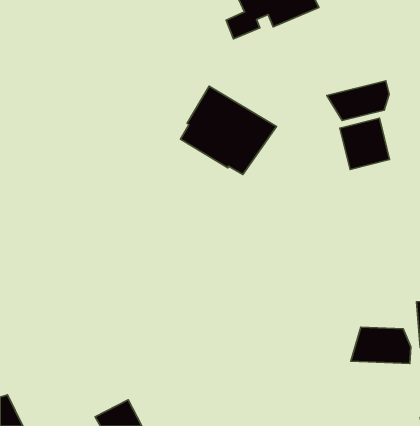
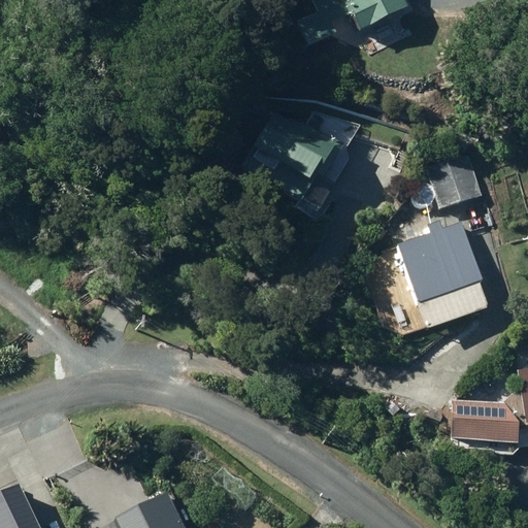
building: [327,81,389,120] -> none
building: none -> [397,221,488,330]

